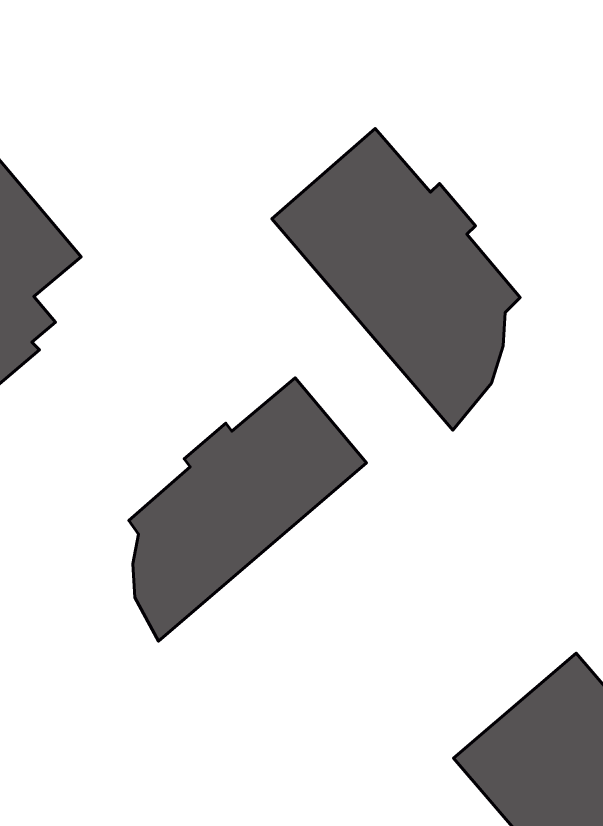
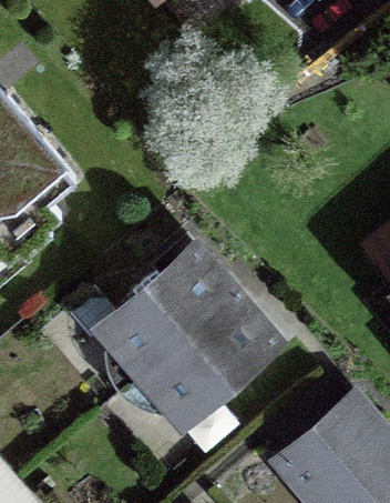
building: [272,129,520,430] -> none
building: none -> [119,293,276,420]

